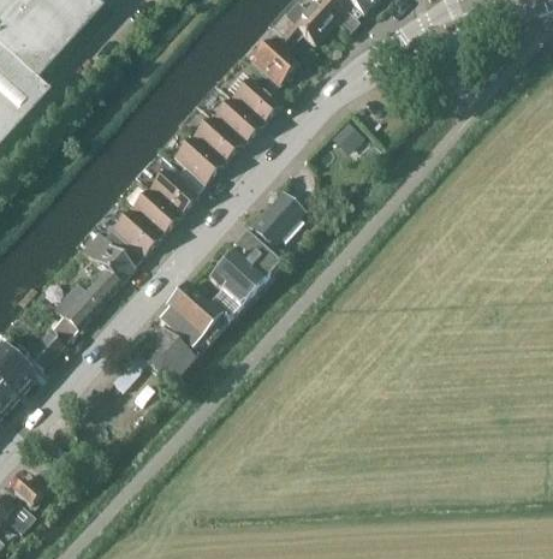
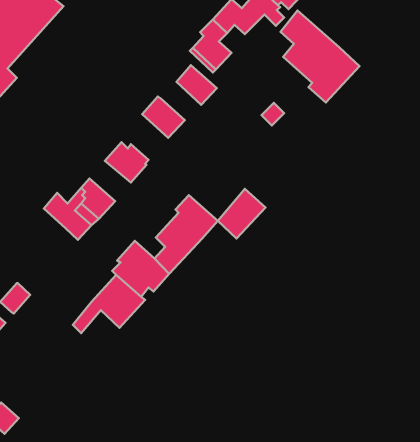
building: none -> [281,10,359,103]
building: [215,97,262,143] -> none
building: [174,135,224,188] -> none
building: [252,186,308,244] -> [218,189,266,239]
building: [132,189,180,236] -> none
building: [54,267,119,338] -> none

